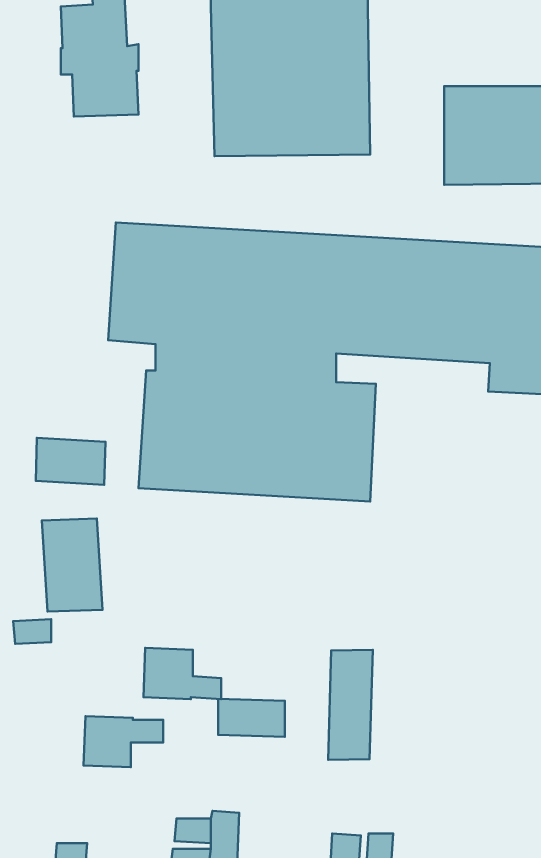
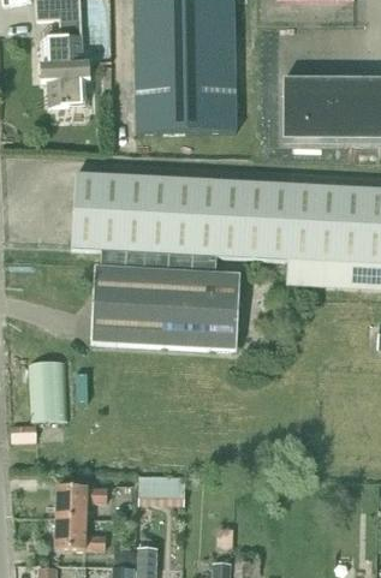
building: [36,438,105,485] -> none
building: [143,648,221,699] -> [53,517,102,549]
building: [328,650,373,760] -> none

